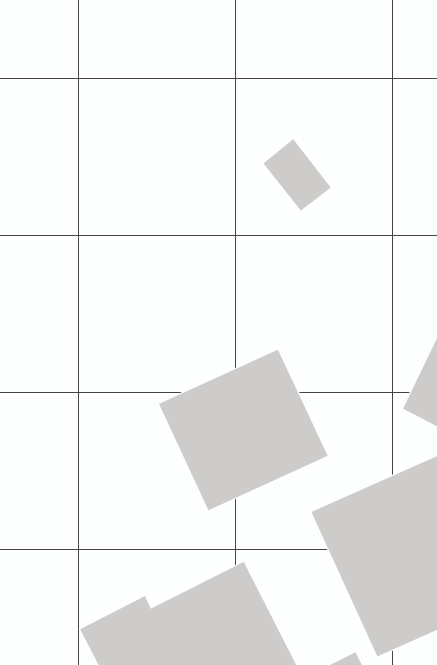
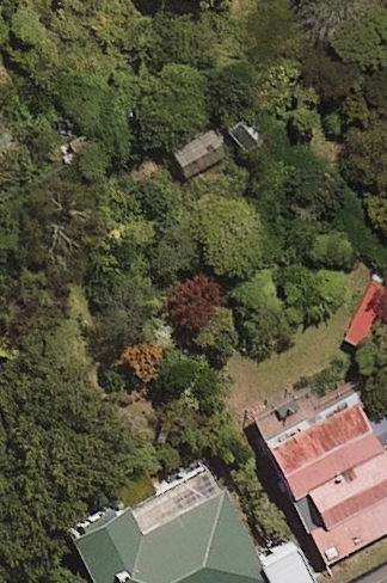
building: [158,349,328,511] -> none

